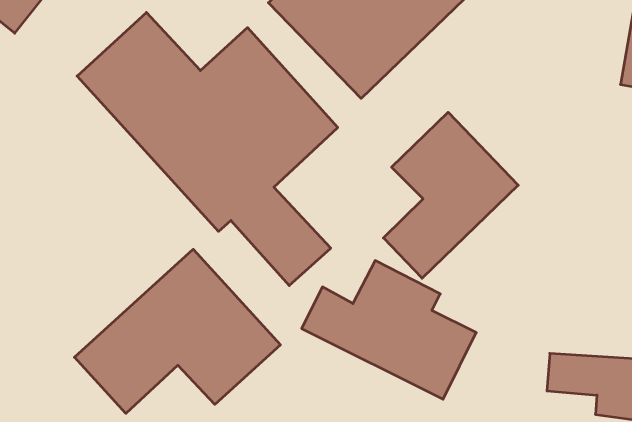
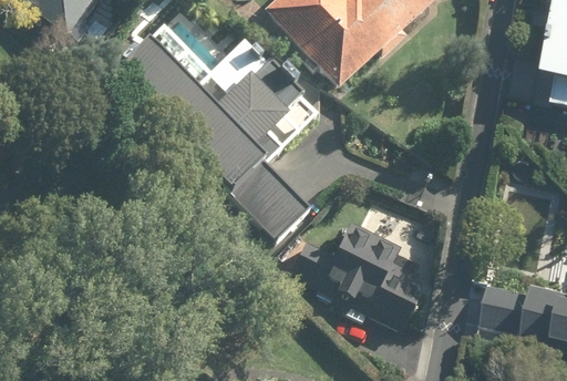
building: [383,112,518,278] -> none
building: [74,249,280,413] -> none

